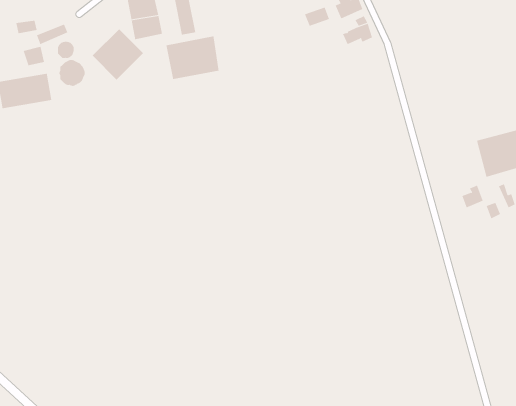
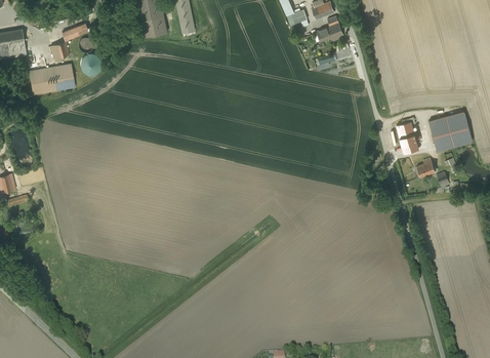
building: [92,28,144,81] -> none
building: [166,35,219,80] -> none
building: none -> [397,120,418,153]

